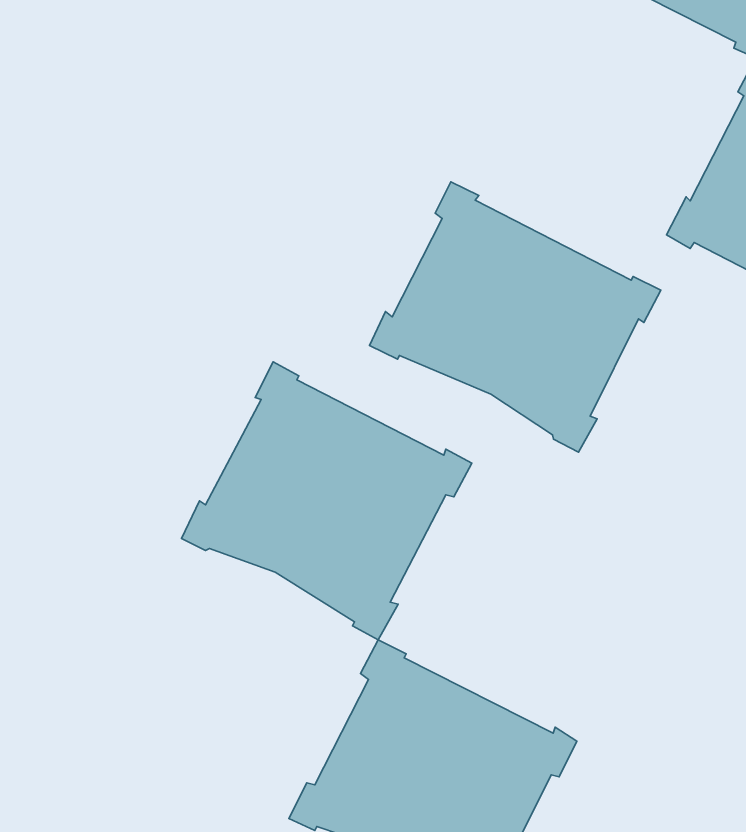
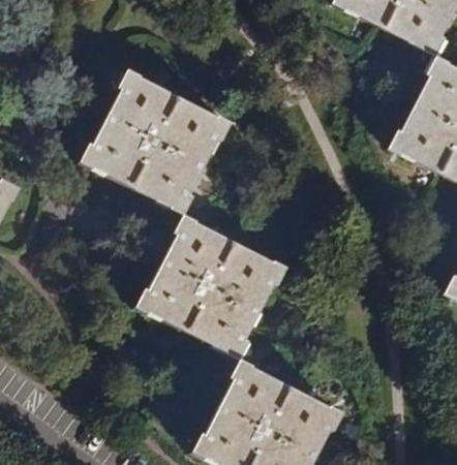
building: none -> [80,69,231,215]
building: [370,182,661,452] -> none

